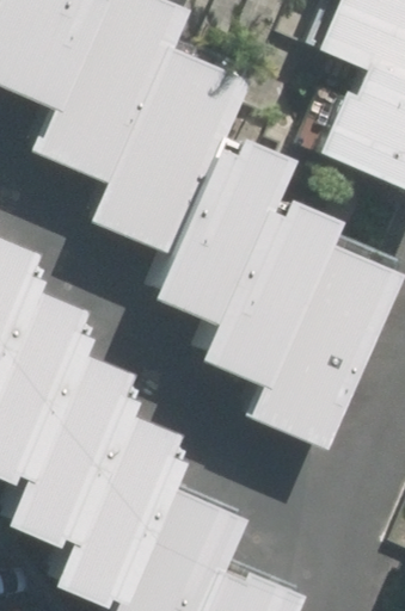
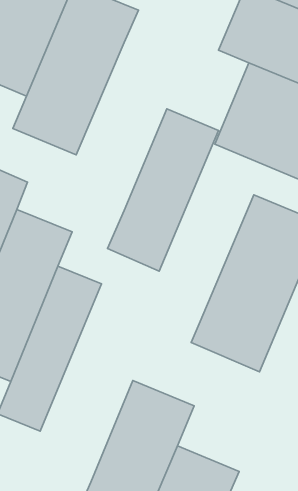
building: [91,56,239,261] -> none
building: [192,200,330,400] -> none
building: [49,400,192,593] -> none

